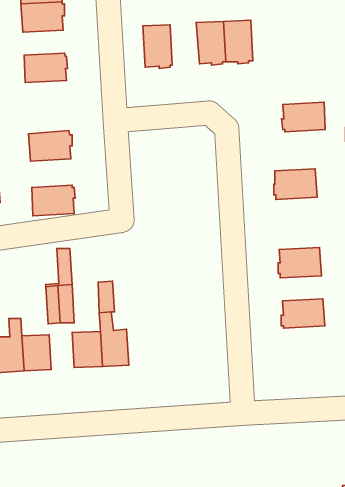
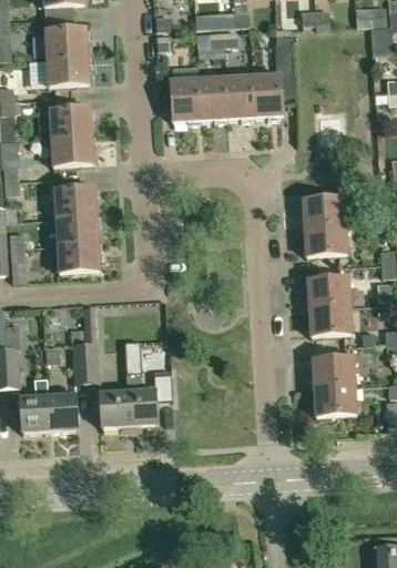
building: none -> [198,77,228,121]
building: none -> [51,135,95,166]
building: [282,102,325,132] -> [302,197,346,227]
building: none -> [57,215,101,244]
building: none -> [306,277,350,307]
building: none -> [313,385,357,416]

